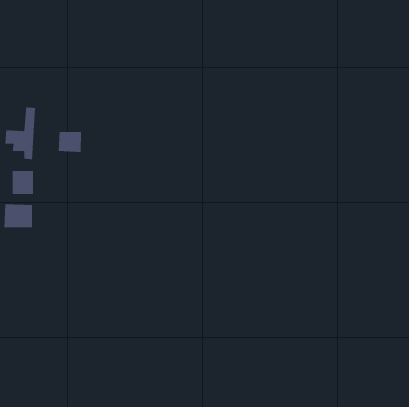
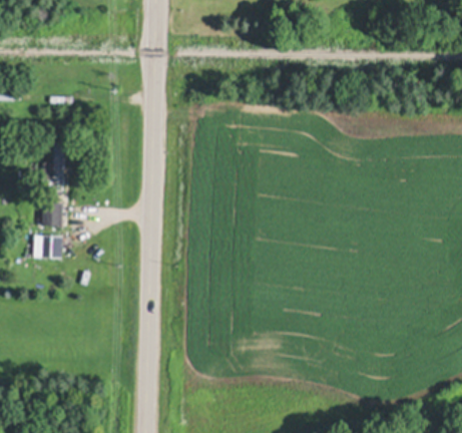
building: [58,131,82,153] -> none

